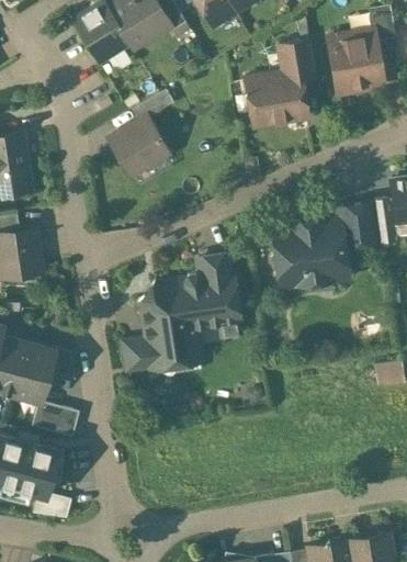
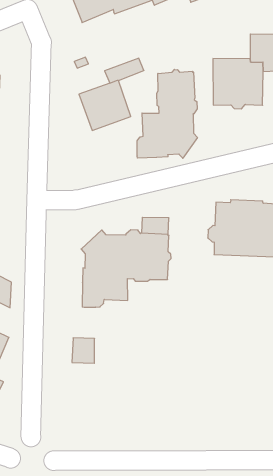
building: none -> [137,69,197,158]
building: [124,339,151,369] -> [72,338,95,363]

